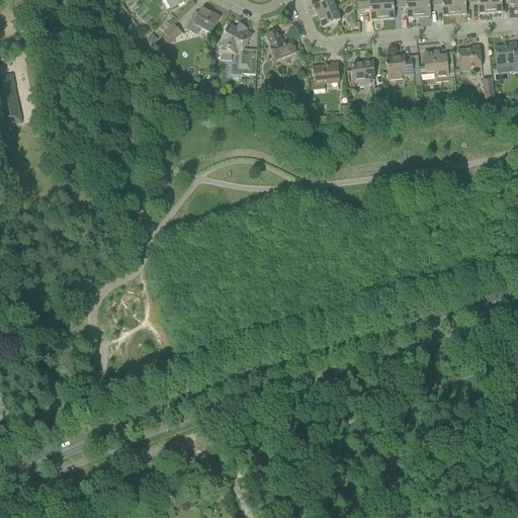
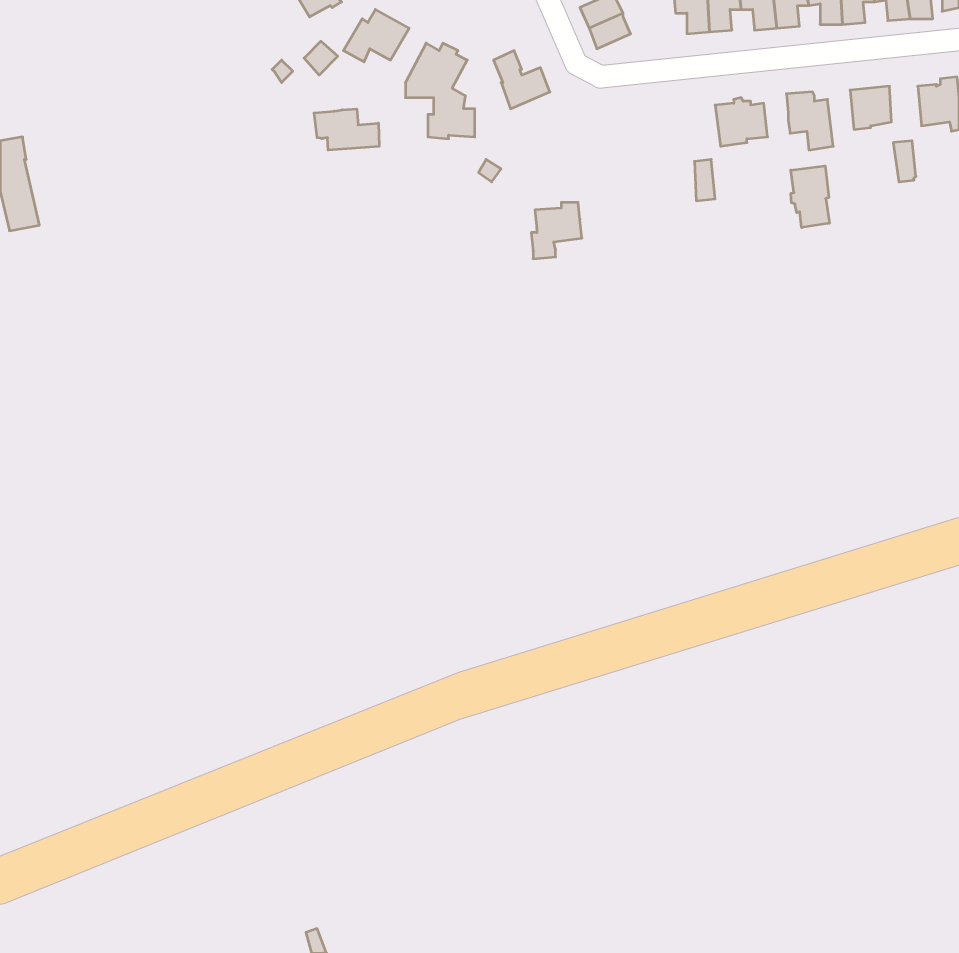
building: none -> [314,109,379,150]
building: [352,60,374,83] -> none
building: [312,62,339,92] -> [531,202,582,259]
building: none -> [791,166,829,228]

